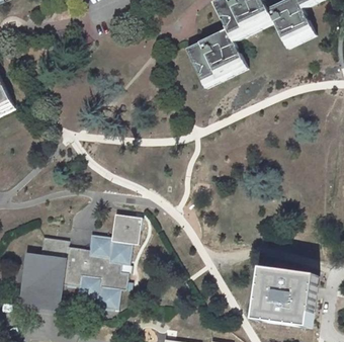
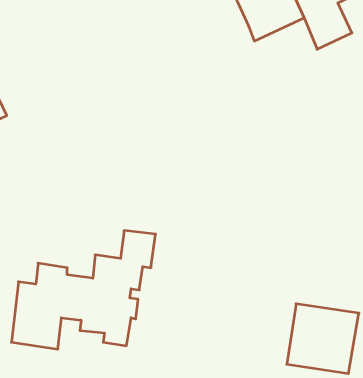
building: [182,28,240,86] -> none

